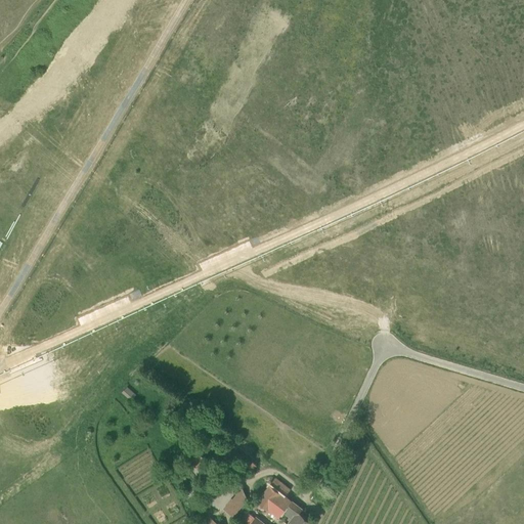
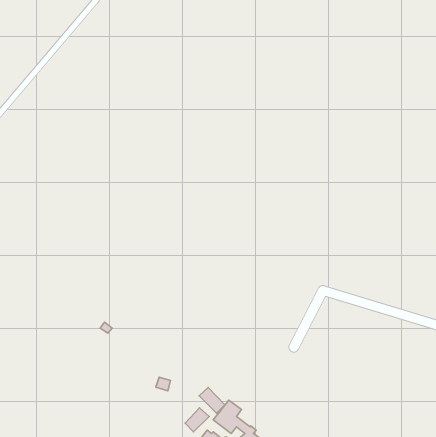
building: none -> [199,387,225,413]

